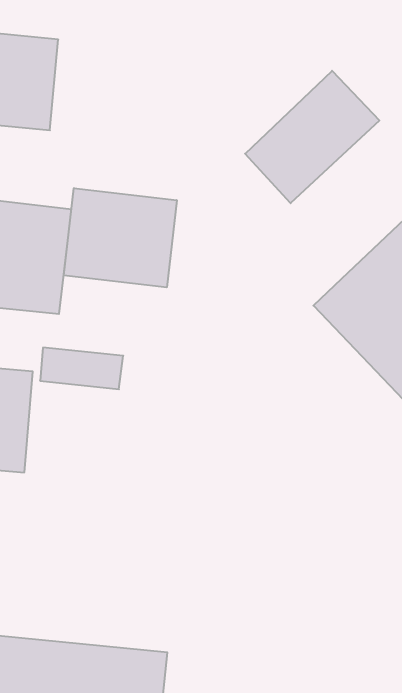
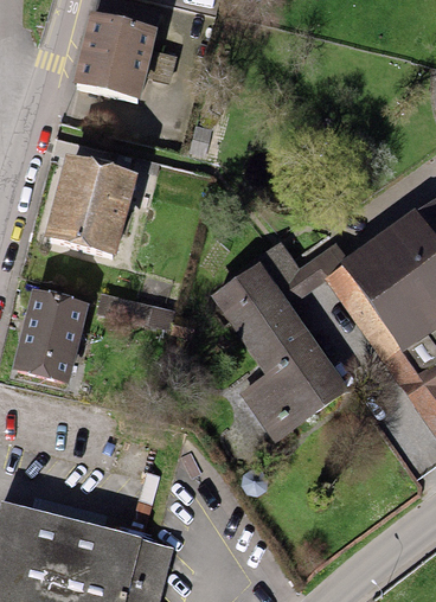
building: [245,71,379,203] -> none
building: [64,188,177,287] -> none
building: none -> [214,245,346,443]

